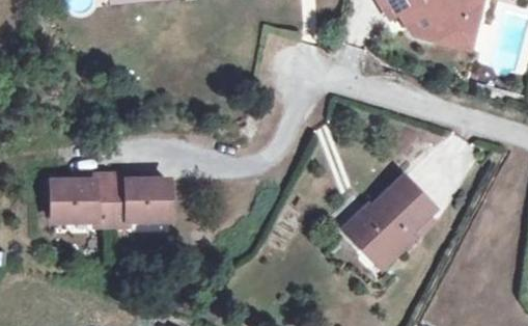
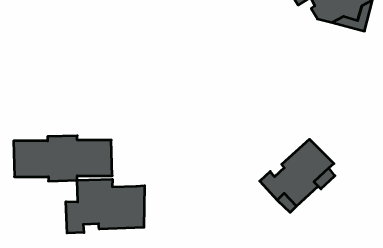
building: none -> [66,179,145,233]

